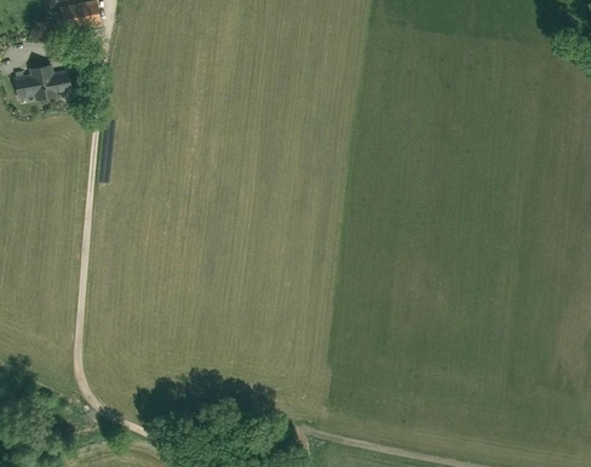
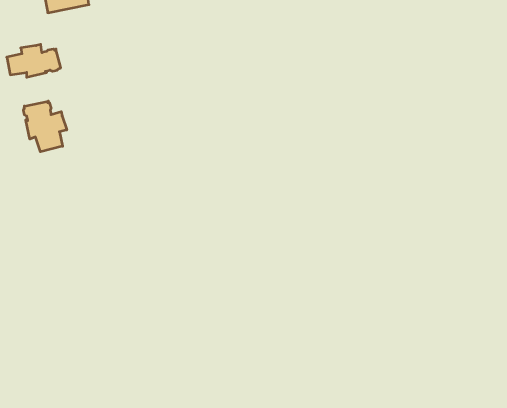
building: none -> [23,101,67,152]

